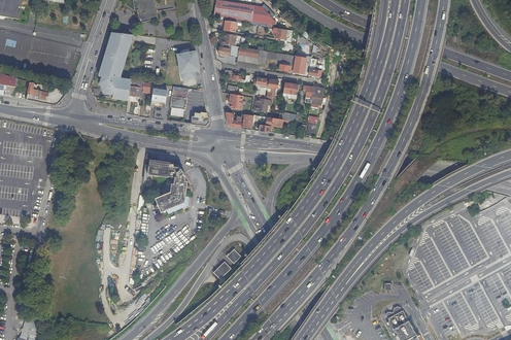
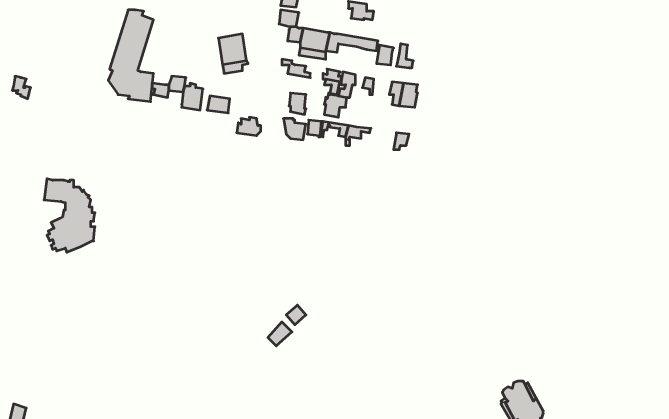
building: [151,160,189,213] -> [44,179,95,252]

